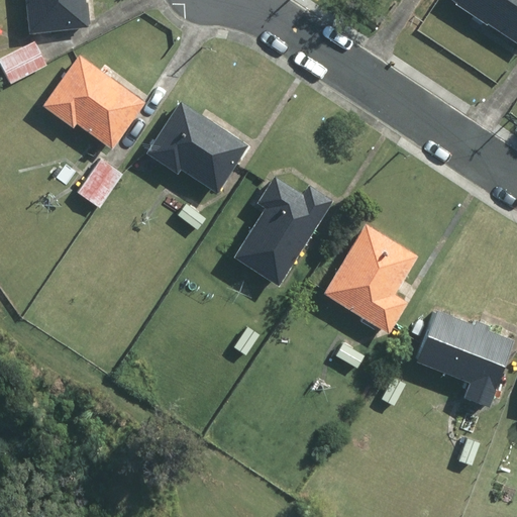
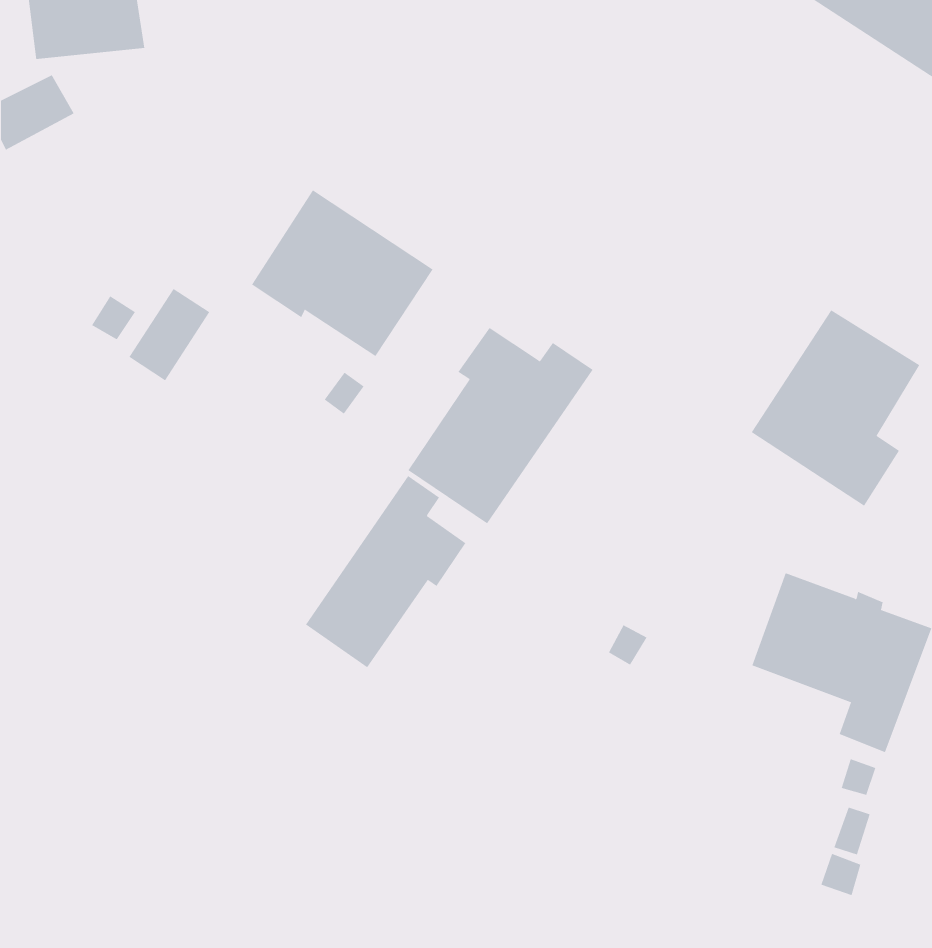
building: [44,56,143,147] -> none
building: [324,226,416,333] -> [751,309,920,506]
building: none -> [305,475,466,668]

